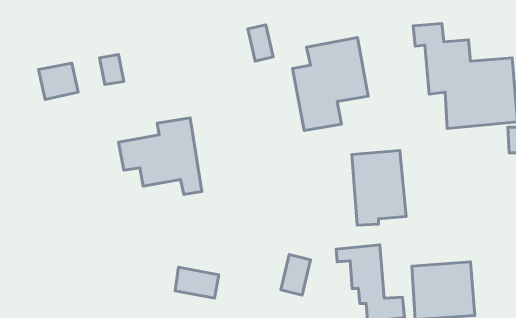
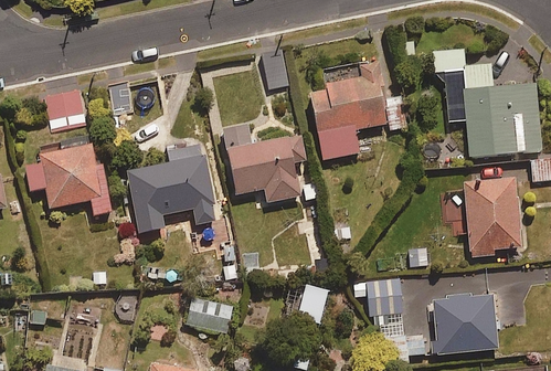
building: none -> [222,126,305,202]
building: none -> [25,147,110,215]
building: [352,150,406,225] -> [465,179,521,256]

